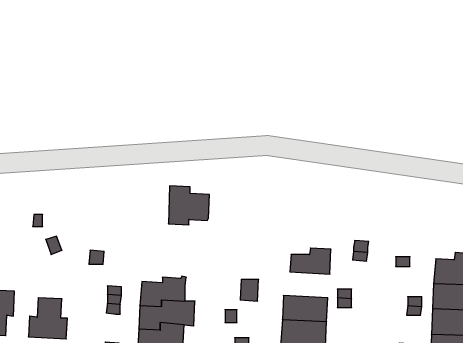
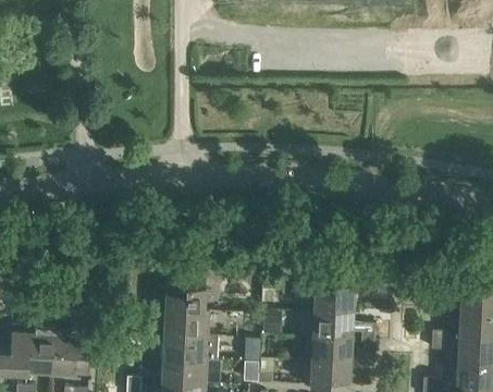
building: [168,186,209,225] -> [164,281,206,320]
building: none -> [307,309,354,335]
building: none -> [27,329,60,375]

